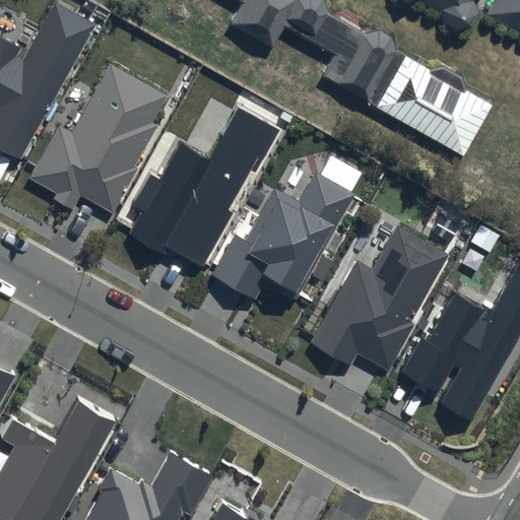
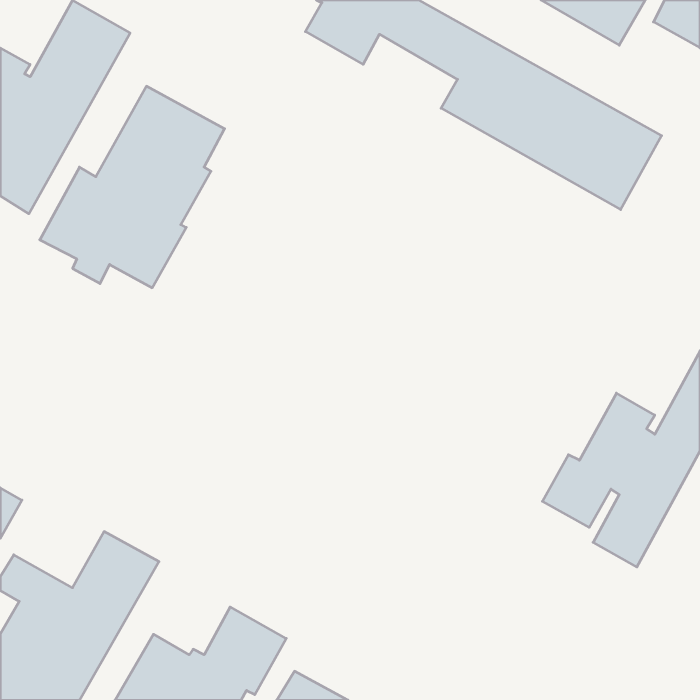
building: [132,103,282,266] -> none
building: [212,172,356,303] -> none
building: [310,224,449,371] -> none

